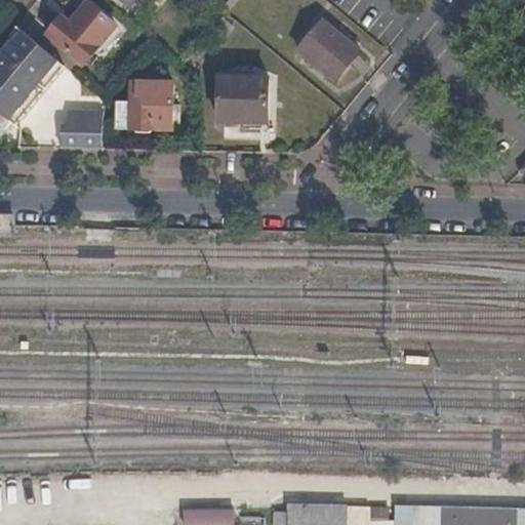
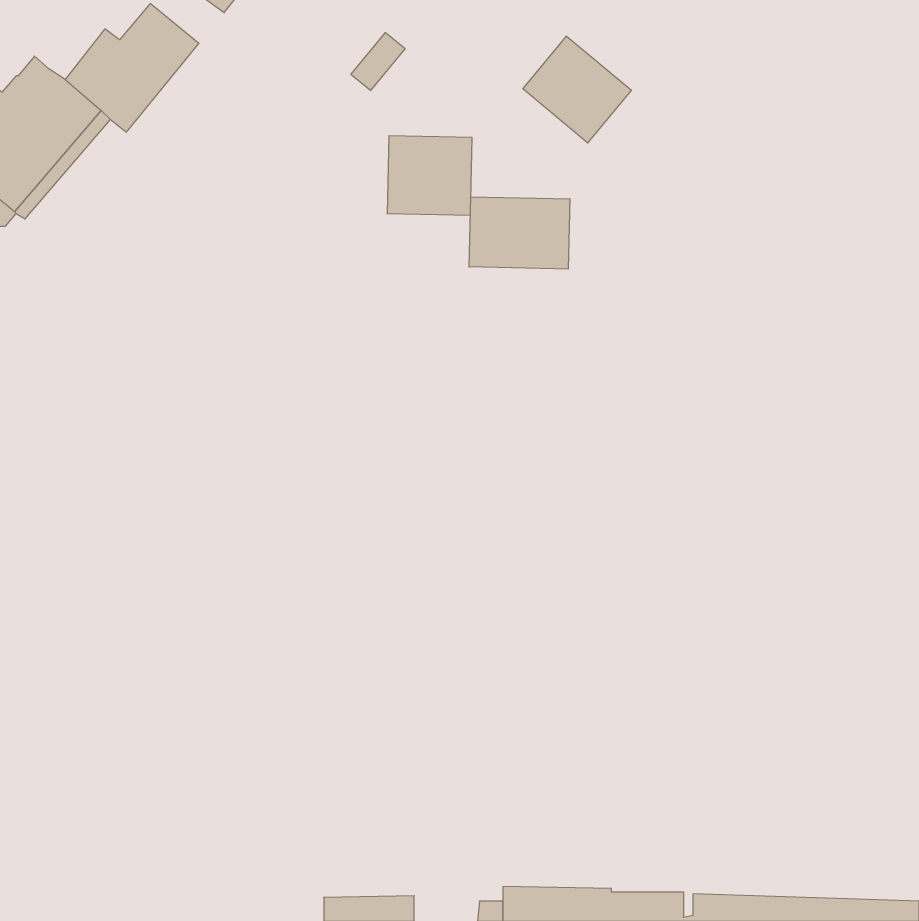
building: [115,81,171,128] -> none
building: [58,110,100,148] -> none
building: none -> [469,197,570,269]

